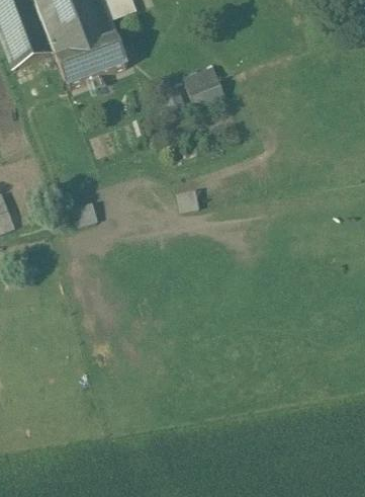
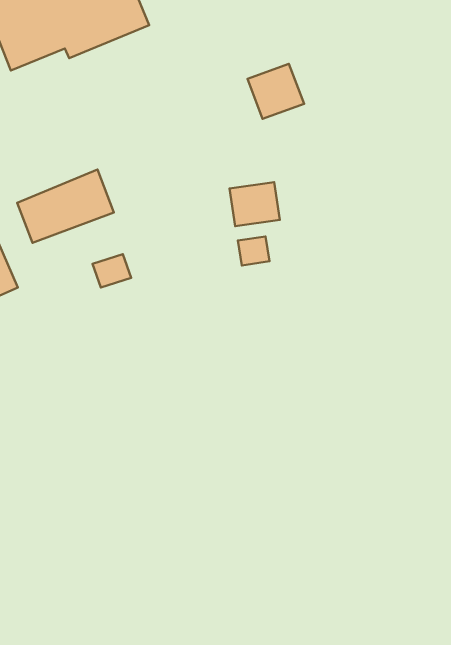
building: [53,33,123,87] -> [17,170,114,243]
building: none -> [230,182,280,226]

